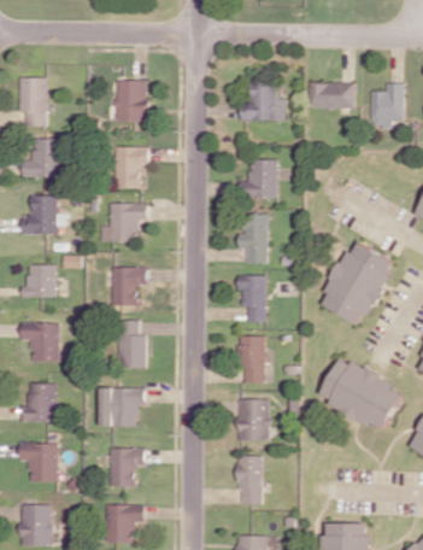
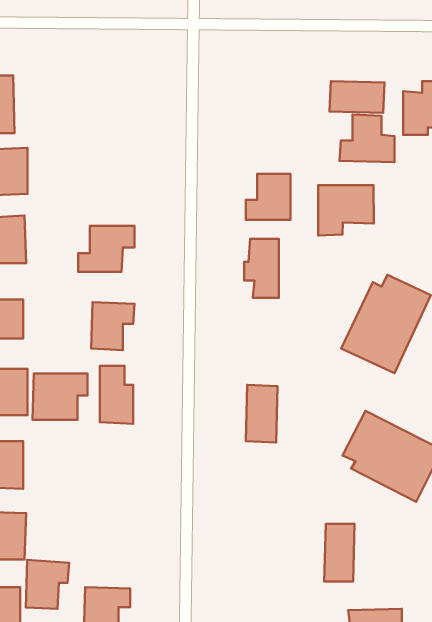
building: [116,80,147,122] -> none
building: [240,81,286,121] -> [340,114,394,162]
building: [113,146,148,189] -> none
building: none -> [318,185,374,235]
building: [237,275,266,322] -> none
building: [99,387,145,426] -> [33,374,87,420]
building: [237,398,270,440] -> none
building: [108,446,145,487] -> [26,560,69,609]
building: [237,456,263,504] -> [324,524,355,582]

